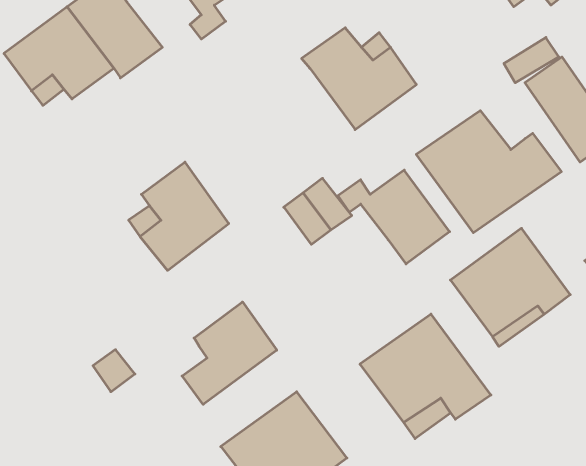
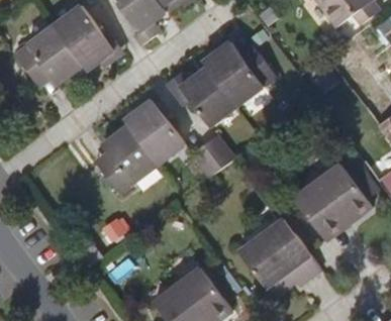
building: [416,111,561,233] -> none
building: none -> [125,98,185,162]
building: [338,170,450,264] -> [167,65,236,123]
building: [182,302,277,404] -> none

